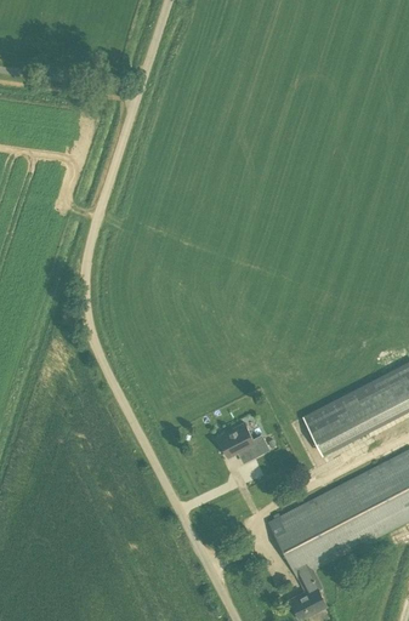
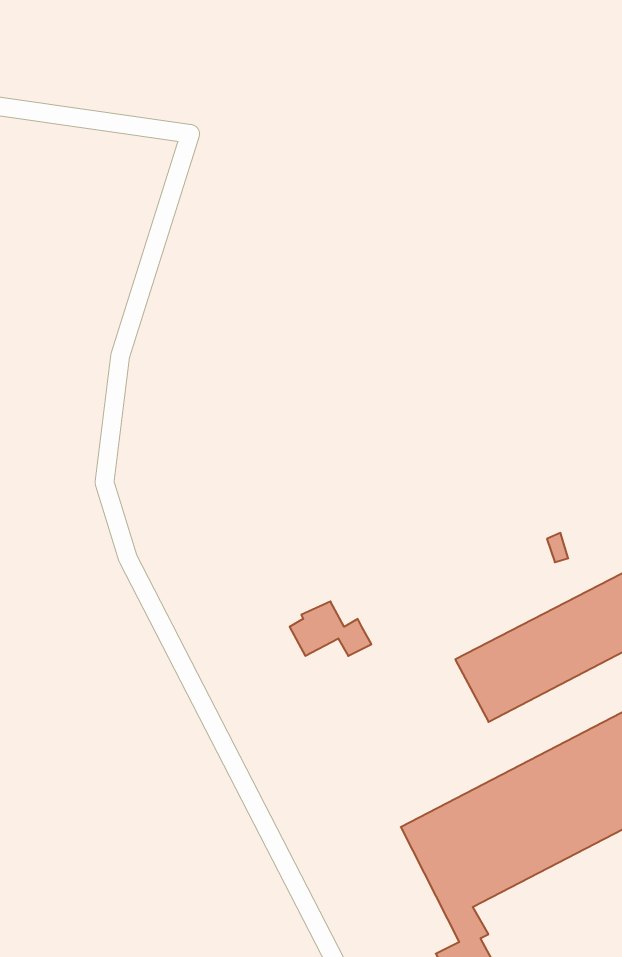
building: [217,423,268,457] -> [290,601,371,656]

